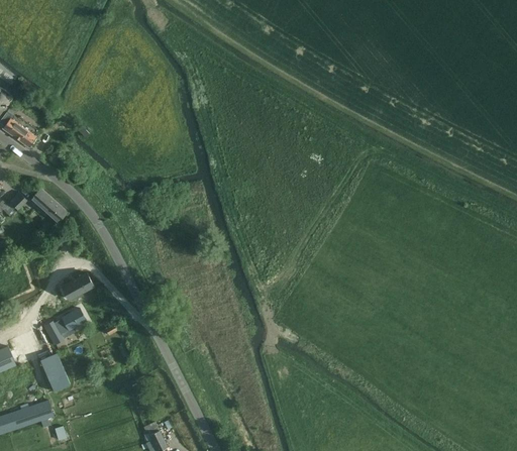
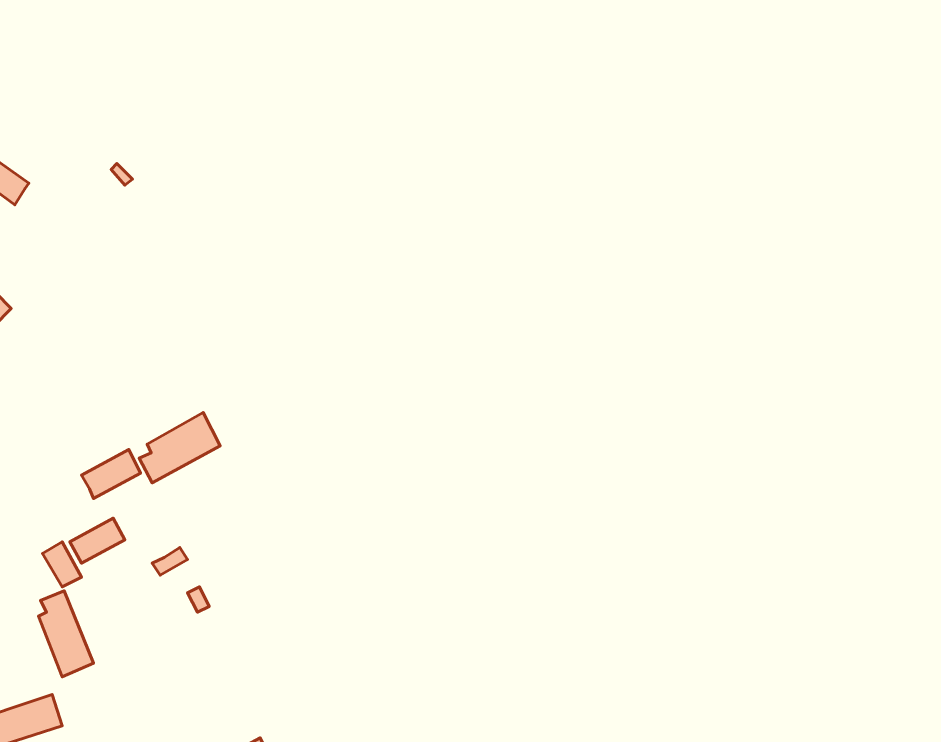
building: [28,189,66,222] -> none
building: none -> [139,413,220,483]

